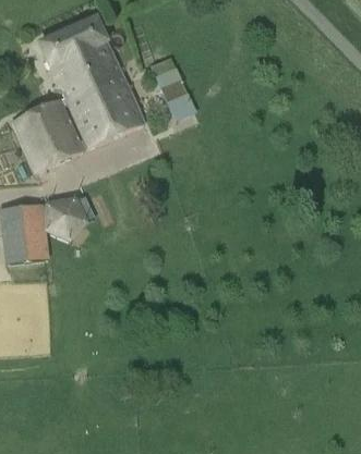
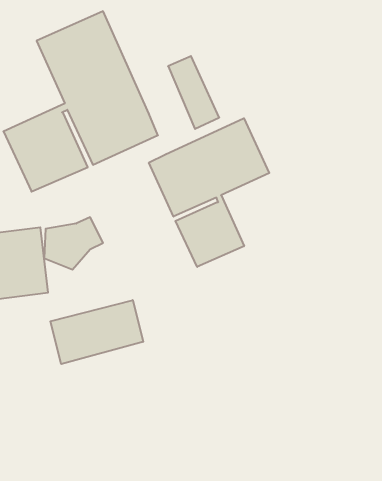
building: none -> [149,118,269,267]
building: none -> [50,300,143,364]

